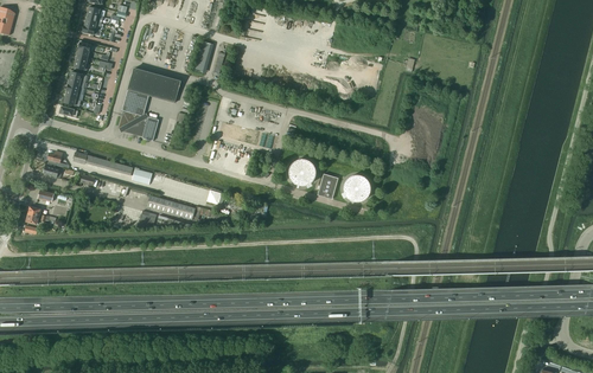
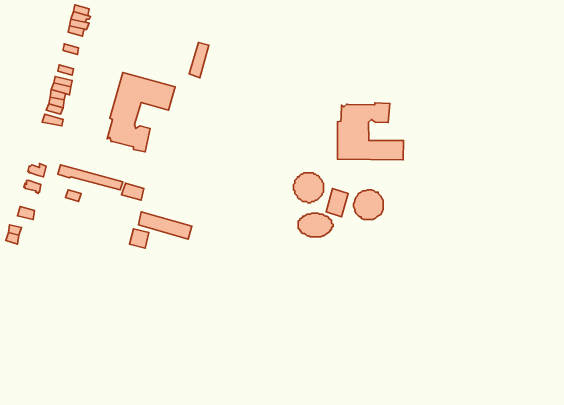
building: none -> [337,103,403,160]
building: none -> [298,213,333,237]

